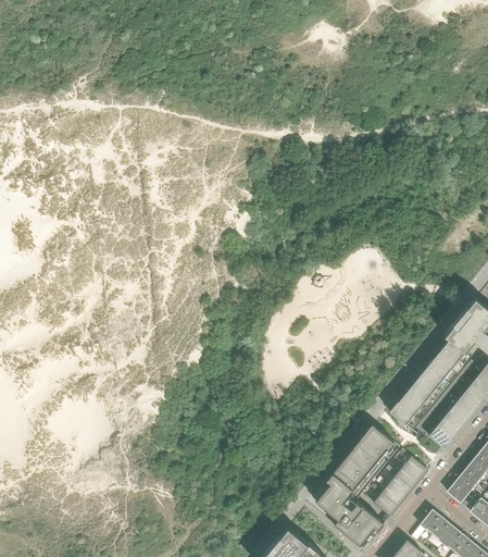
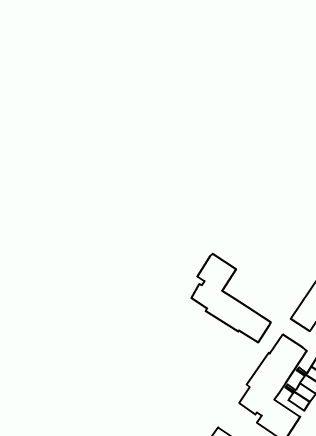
building: none -> [191,254,271,343]

